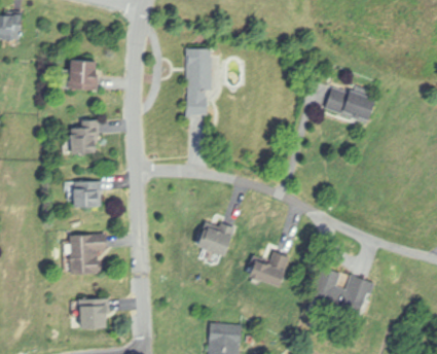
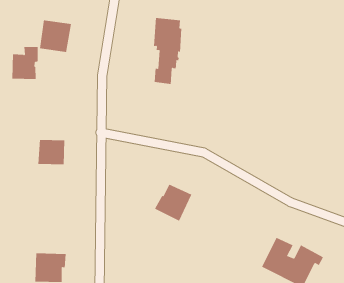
building: [323,87,375,125] -> none
building: [70,119,98,154] -> [12,47,39,79]
building: [68,234,106,274] -> none
building: [249,249,290,287] -> none

